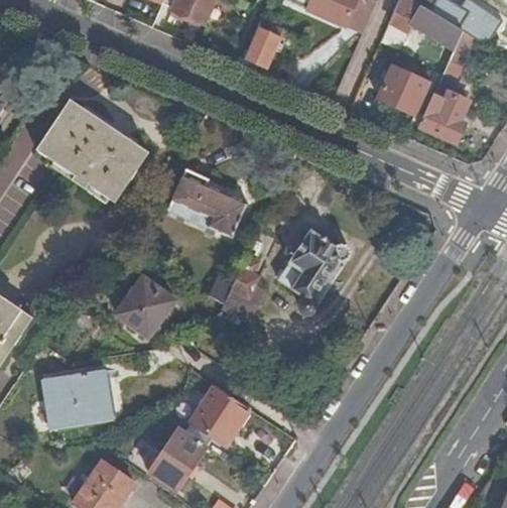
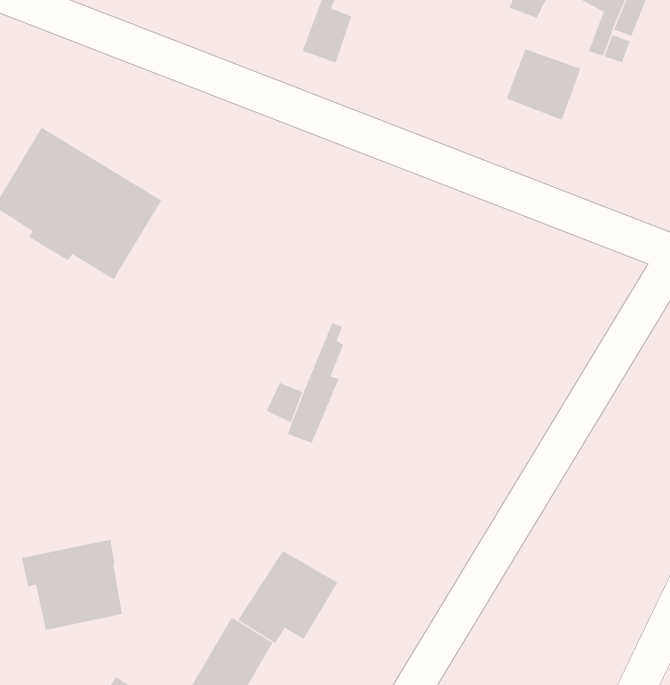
building: [419,91,468,141] -> none
building: [169,166,249,236] -> none
building: [276,229,350,312] -> none
building: [116,277,173,337] -> none

